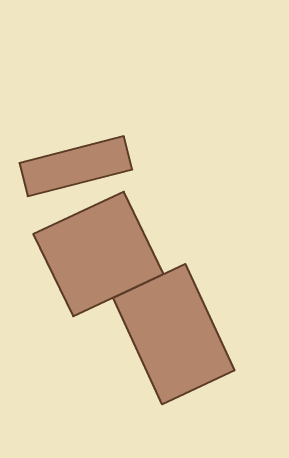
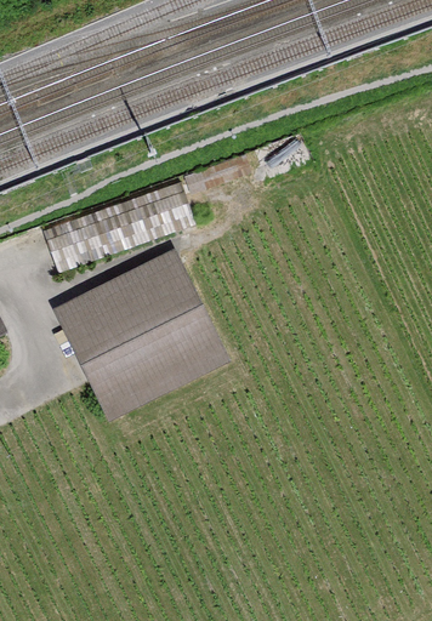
building: [113,264,234,404] -> none

